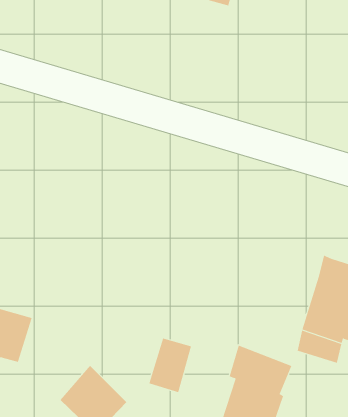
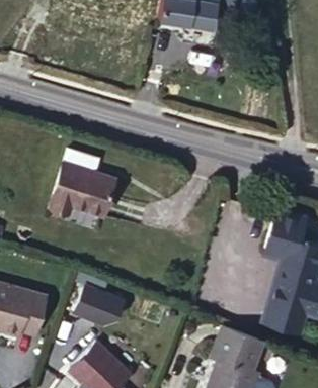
building: none -> [52,154,116,220]
building: none -> [272,215,307,263]
building: [149,338,192,393] -> [82,274,120,321]

